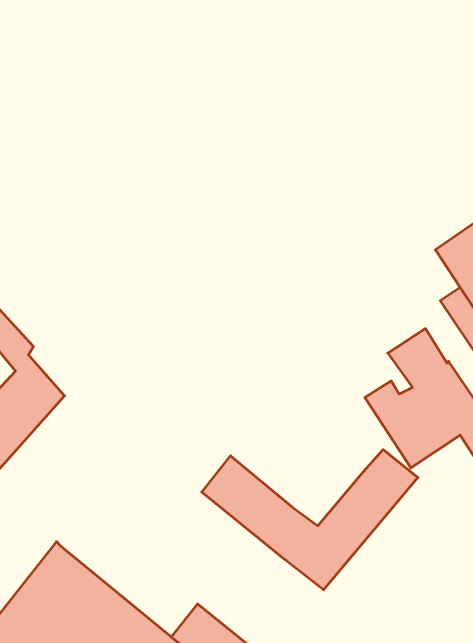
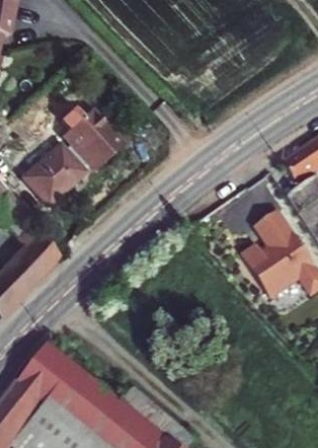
building: none -> [22,108,122,205]
building: [202,450,418,590] -> none

